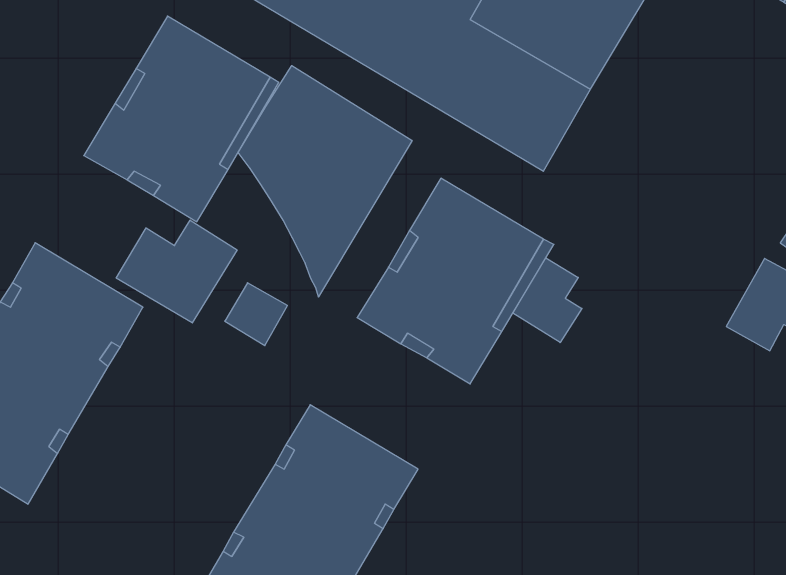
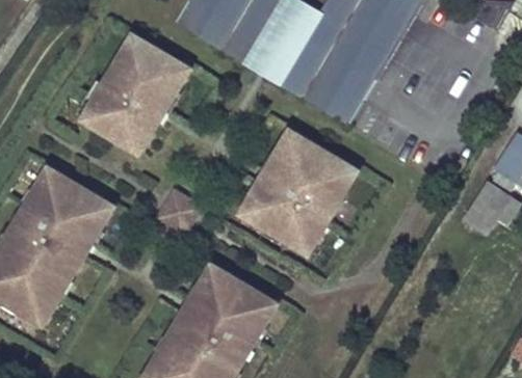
building: [238,66,412,297] -> none
building: [116,220,237,323] -> none
building: [513,258,582,343] -> none

